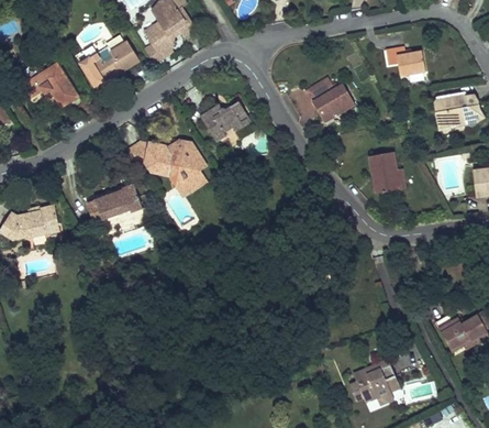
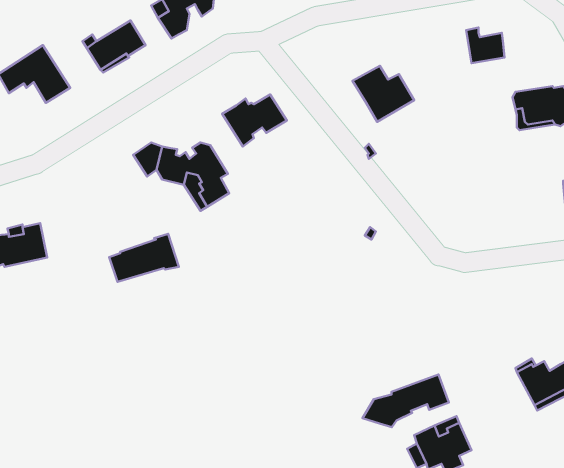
building: [368,152,402,194] -> none
building: [87,183,143,221] -> [109,234,179,282]
building: none -> [362,374,449,427]

